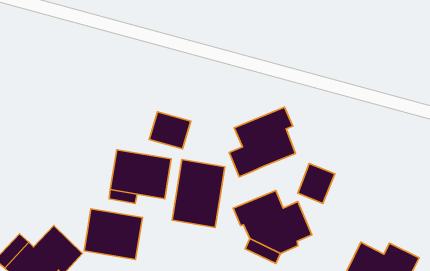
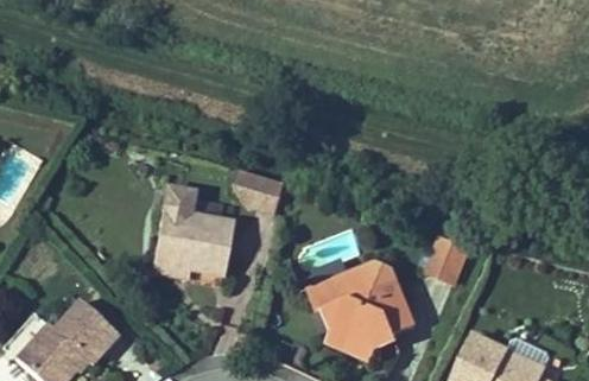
building: [229,107,295,177] -> none
building: [172,160,225,227] -> none
building: [84,209,142,259] -> none

